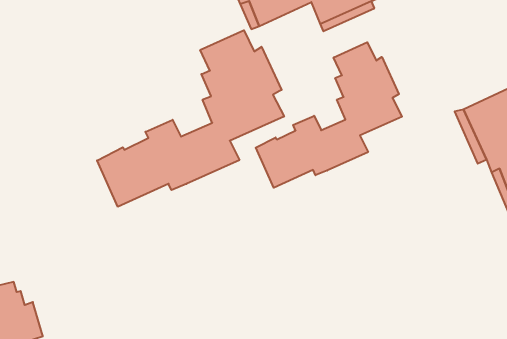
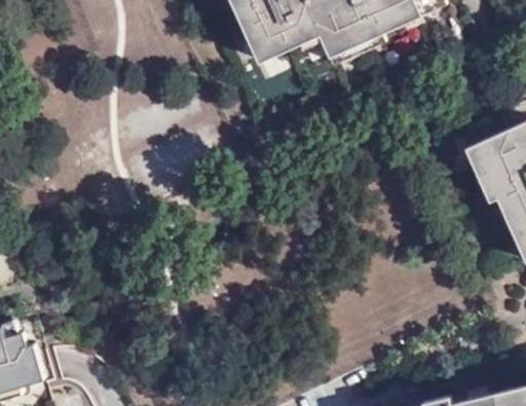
building: [97,30,284,207] -> none
building: [256,42,402,188] -> none

